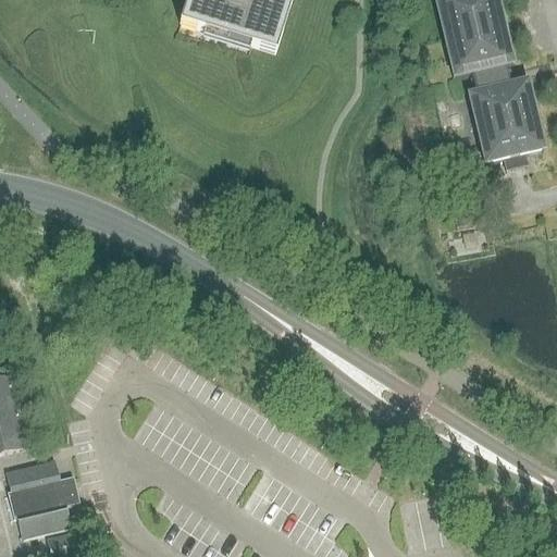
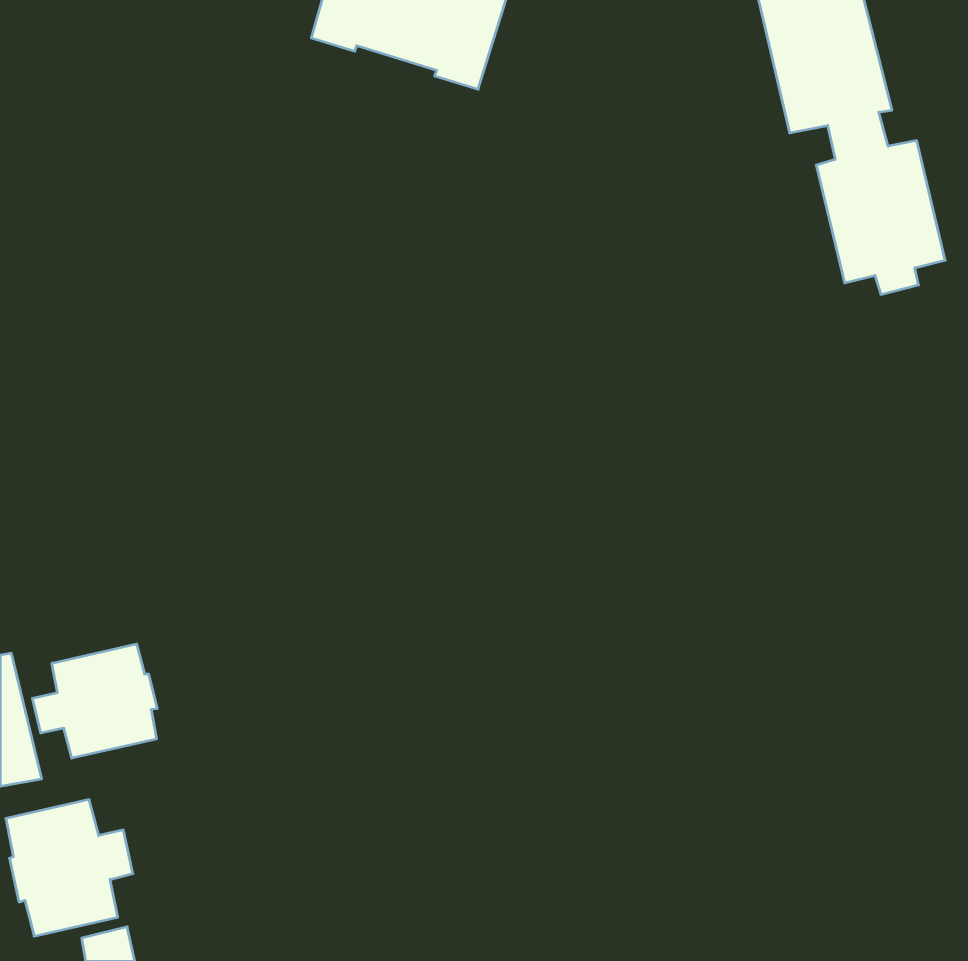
building: none -> [32,644,157,758]

